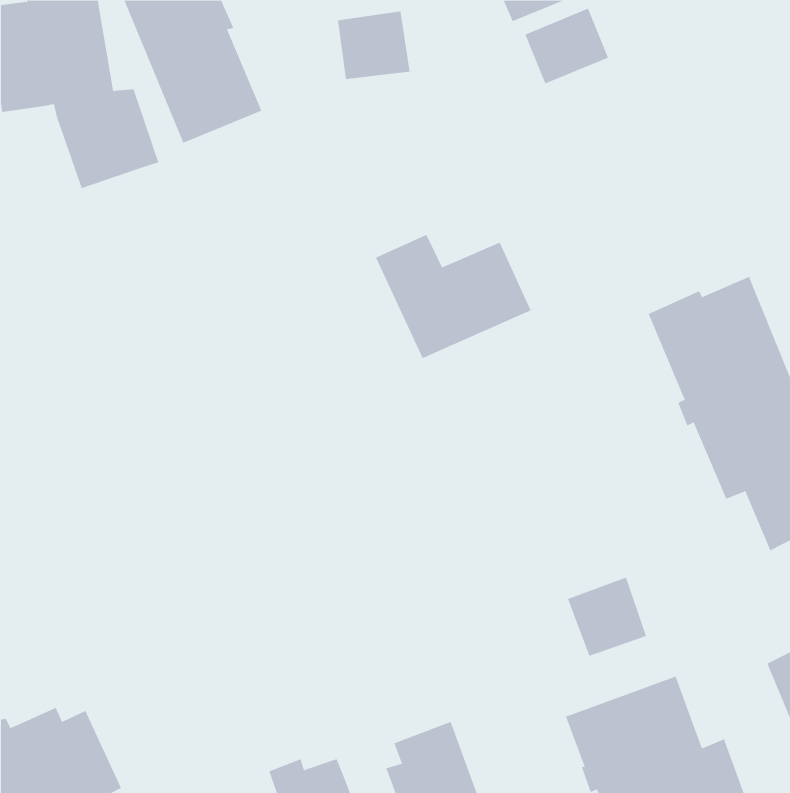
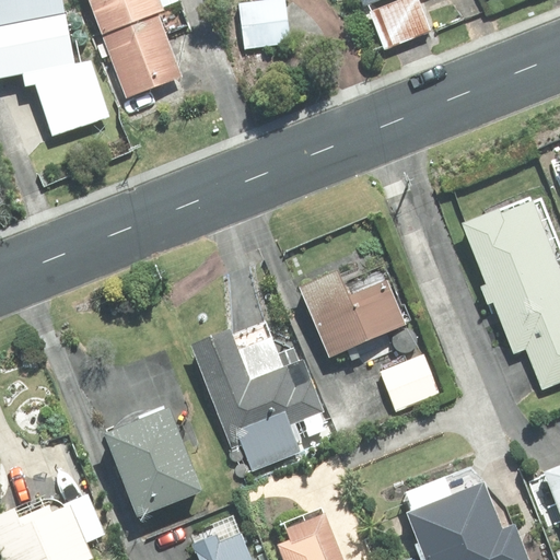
building: [375,234,531,359] -> [295,267,405,354]
building: none -> [189,320,328,474]
building: none -> [96,398,196,512]
building: [567,577,647,657] -> [383,358,439,413]

